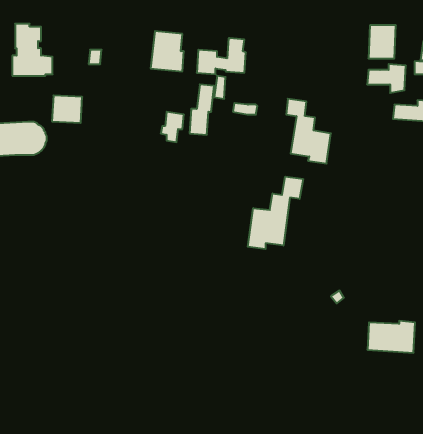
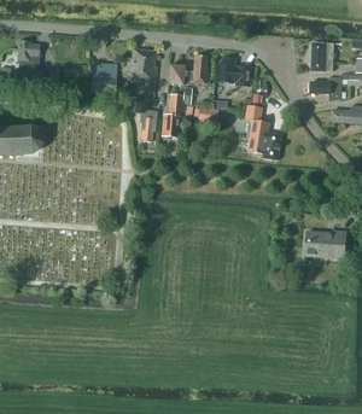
building: none -> [215,57,250,84]
building: [52,95,82,123] -> [92,70,117,93]
building: [248,177,303,249] -> none
building: [367,321,415,353] -> [306,229,346,256]

